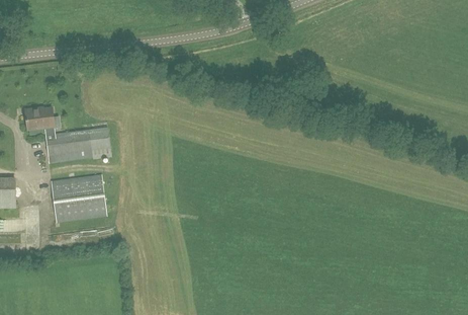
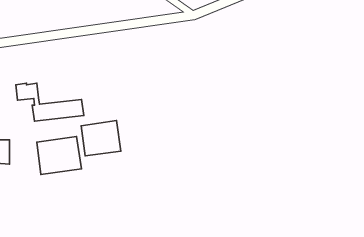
building: none -> [81,121,121,156]

